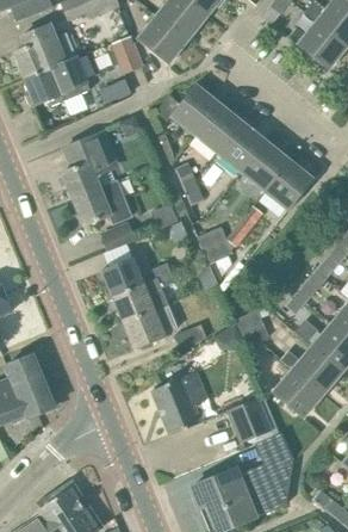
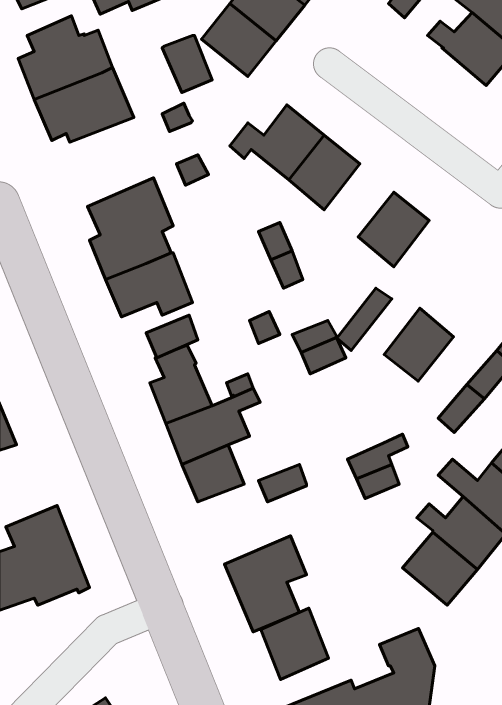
building: [219,122,266,171] -> none
building: [266,160,312,209] -> [384,308,454,381]
building: [228,396,273,444] -> [261,608,328,679]

